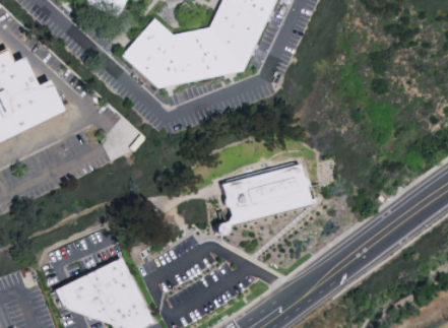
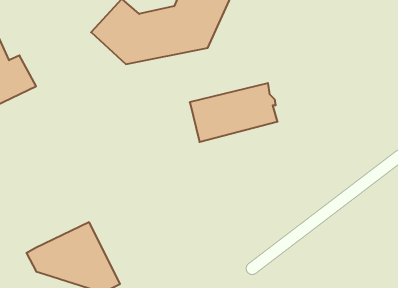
building: [221,163,314,225] -> [190,83,278,142]

